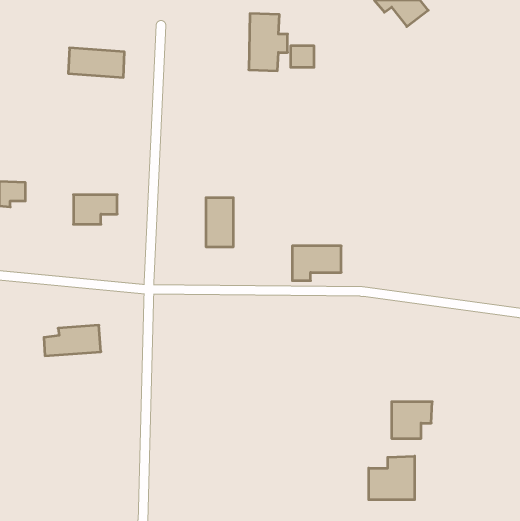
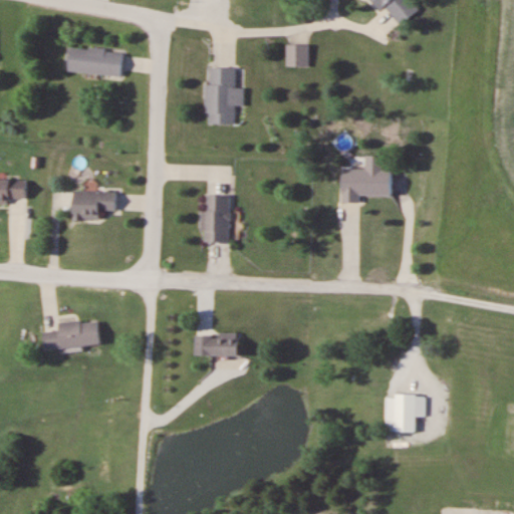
building: [249,14,288,71] -> [206,67,244,123]
building: [292,246,341,281] -> [341,169,390,203]
building: none -> [195,334,238,356]
building: [369,456,415,500] -> none

